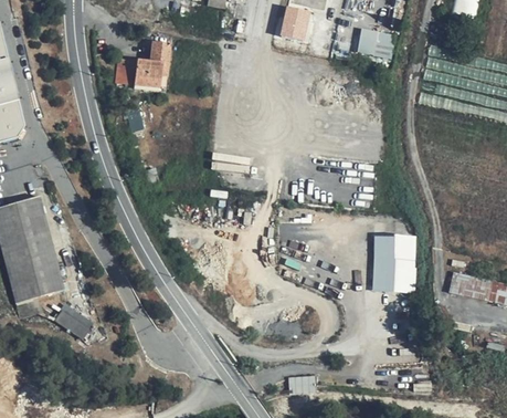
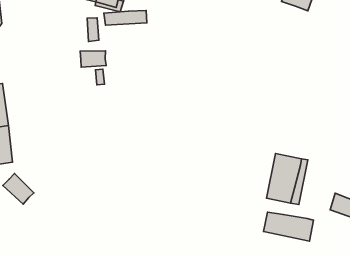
building: none -> [104,11,147,25]
building: none -> [80,51,106,67]
building: none -> [264,212,314,241]

